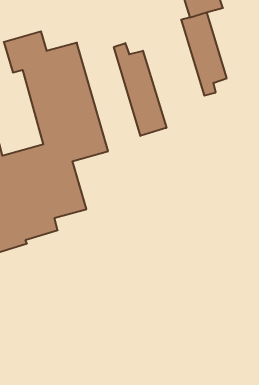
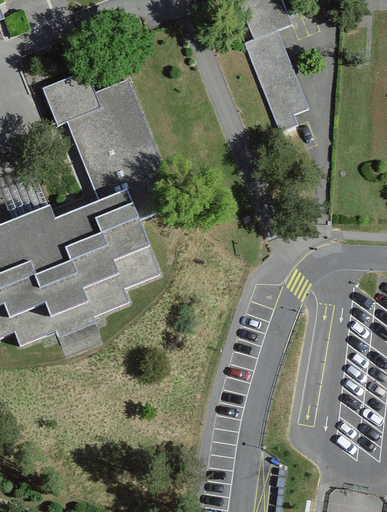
building: [114,43,166,136] -> none

